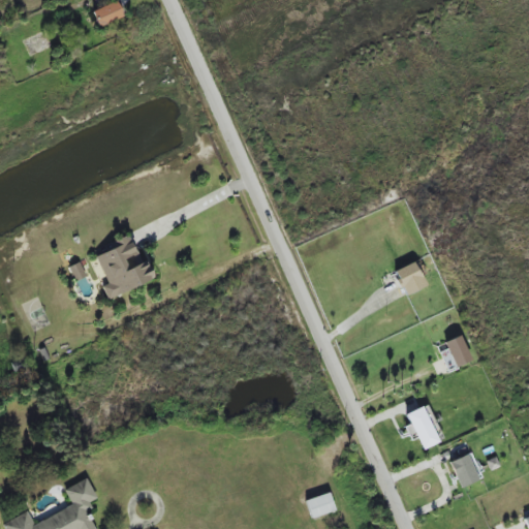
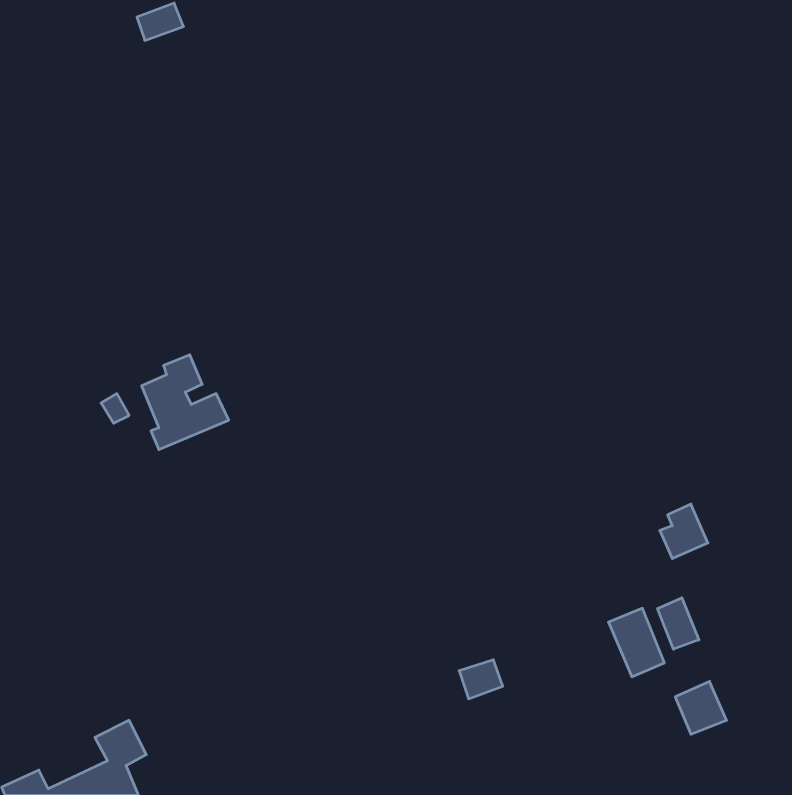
building: [395,261,429,297] -> none
building: none -> [658,598,699,649]
building: [307,493,336,519] -> [459,660,503,699]

